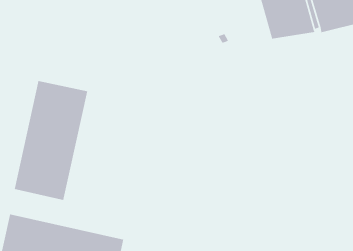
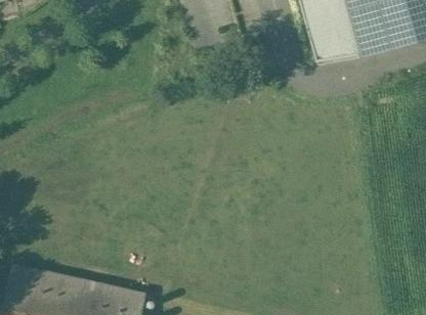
building: [14,80,88,201] -> none

